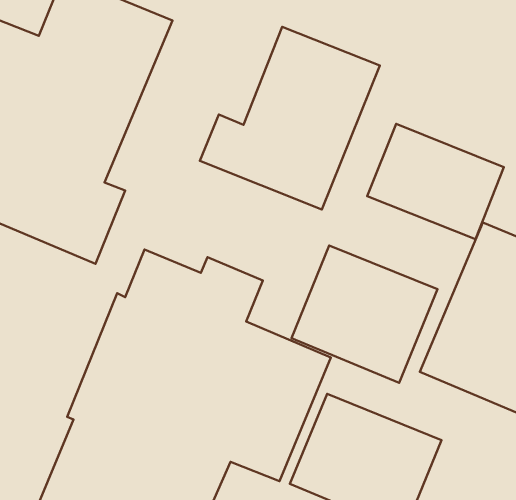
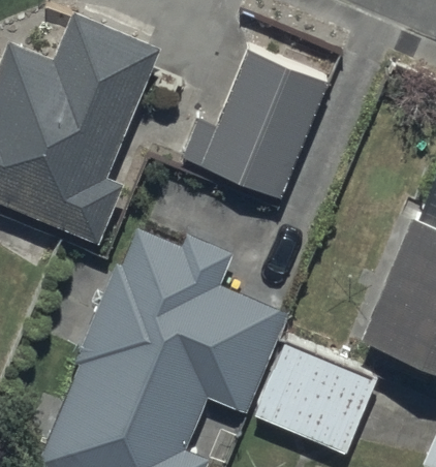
building: [367,124,504,239] -> none
building: [292,246,438,383] -> none

